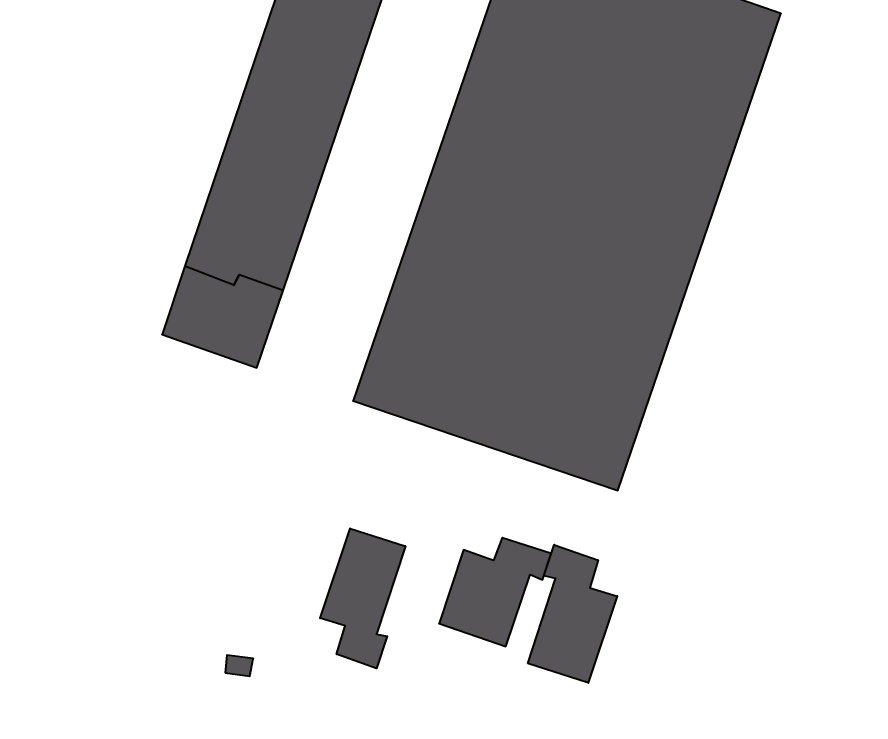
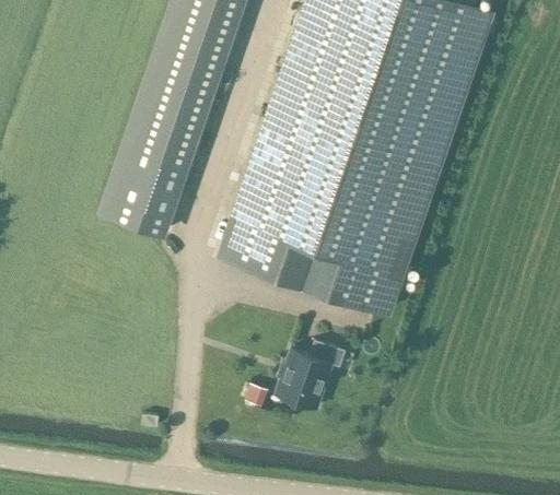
building: [320,528,405,668] -> none
building: [528,545,617,683] -> none

